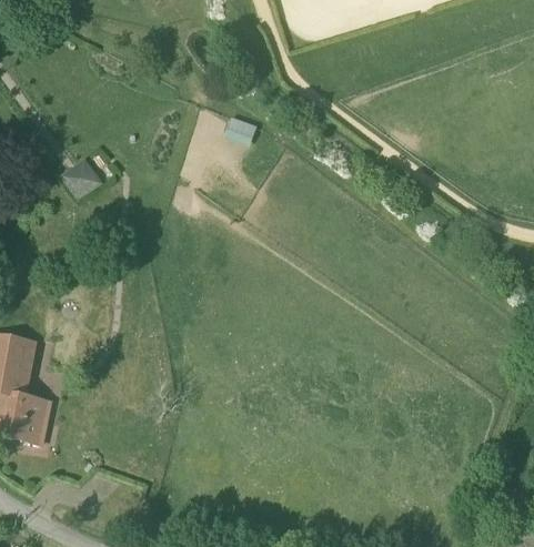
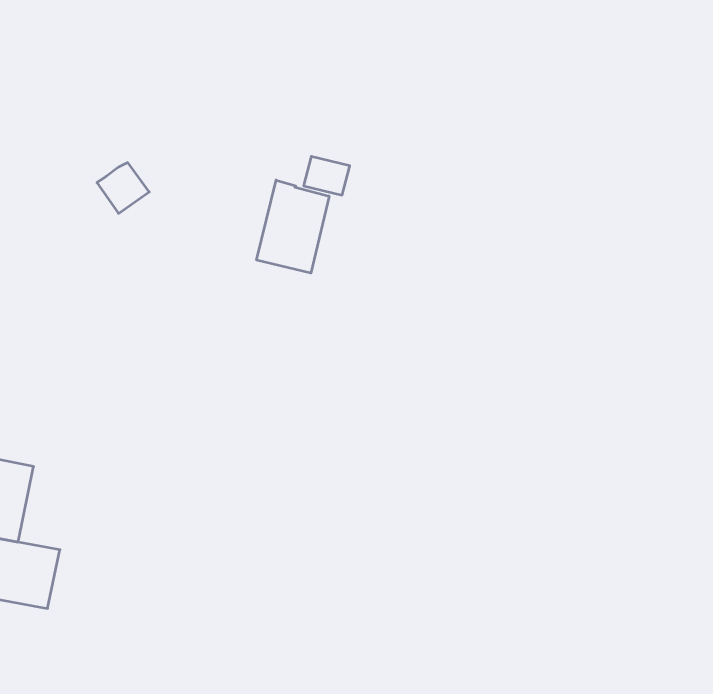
building: none -> [257,180,329,273]
building: [64,165,102,202] -> [97,163,149,213]

